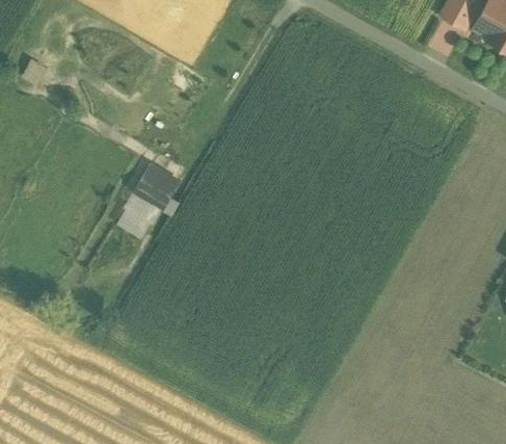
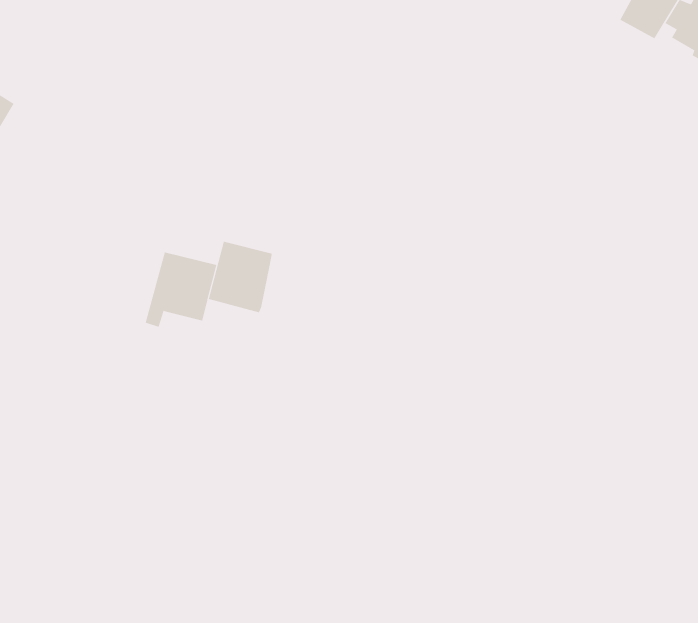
building: none -> [208,241,273,313]

